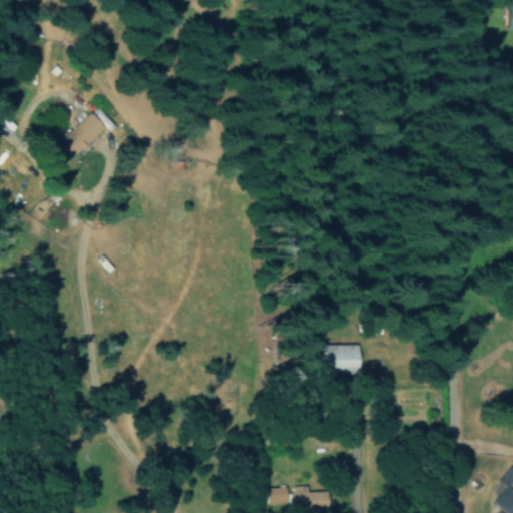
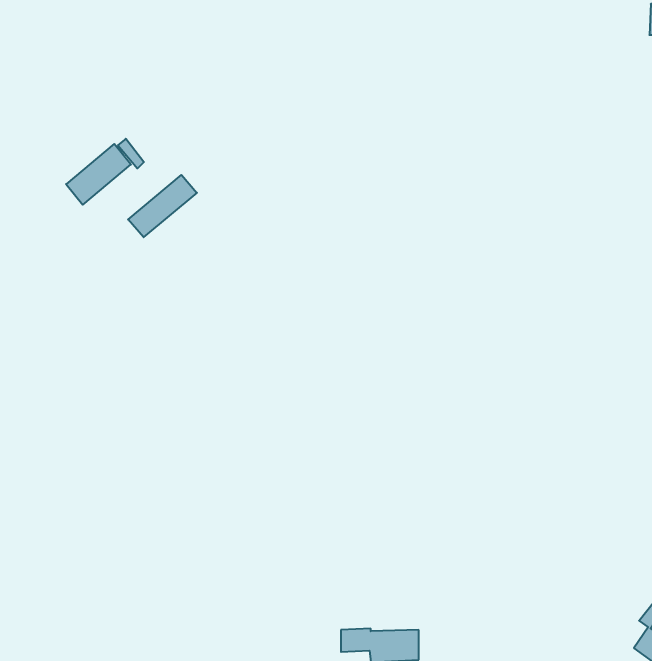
building: none -> [128,175,197,237]
building: [326,344,361,373] -> none

